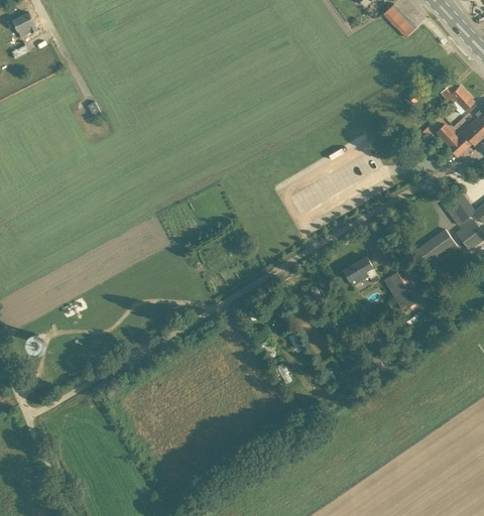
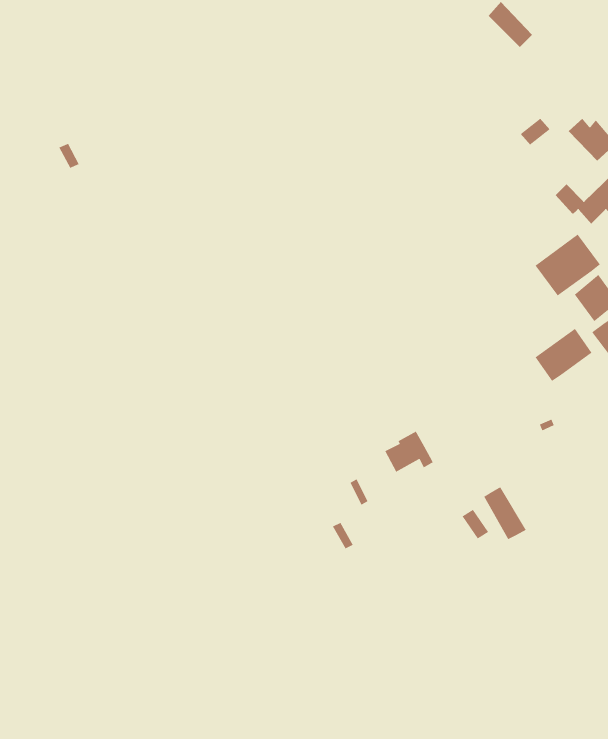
building: none -> [535,234,601,296]
building: [344,256,378,285] -> [384,431,434,473]
building: [384,272,414,309] -> [483,486,527,540]

